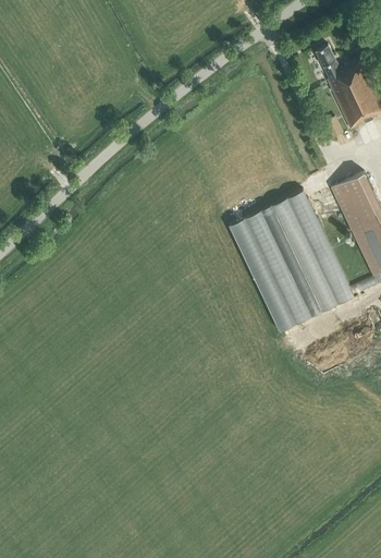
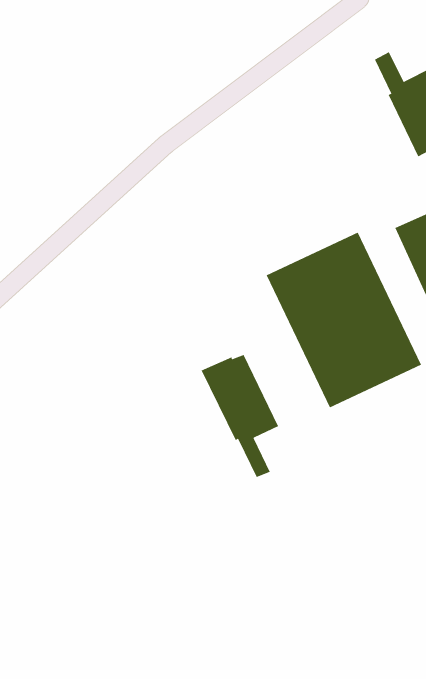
building: none -> [201,354,279,478]

